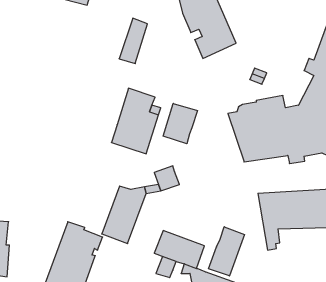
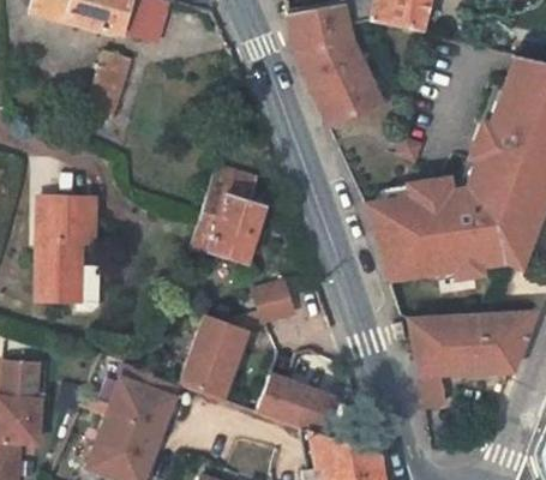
building: [119,18,147,64] -> [86,50,128,118]
building: [163,103,197,144] -> none
building: none -> [36,197,97,311]
building: [209,227,245,276] -> none

